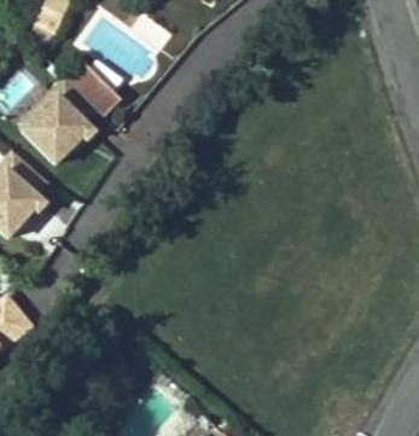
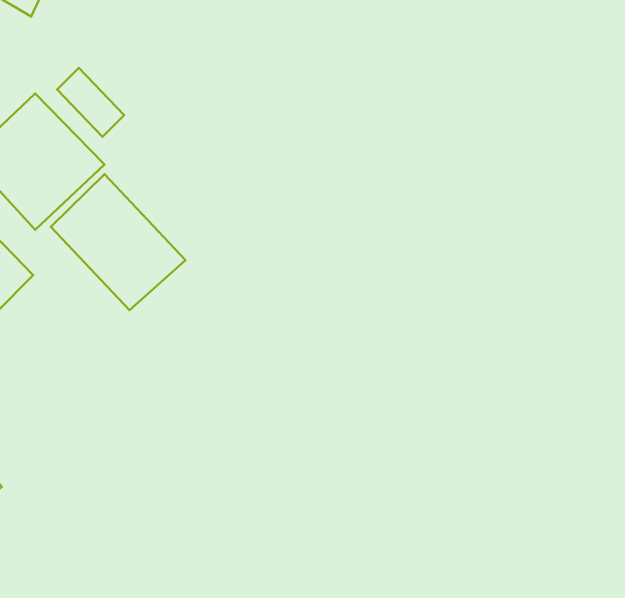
building: none -> [51,174,185,310]

